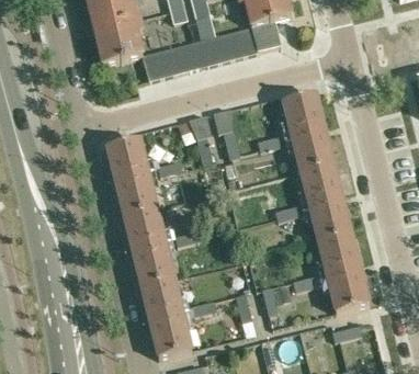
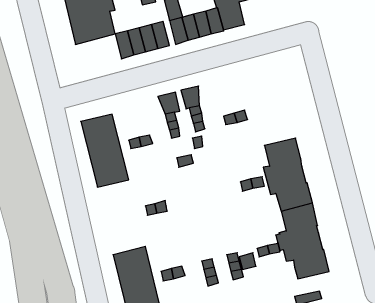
building: [280,92,332,171] -> none
building: [124,207,174,286] -> none

